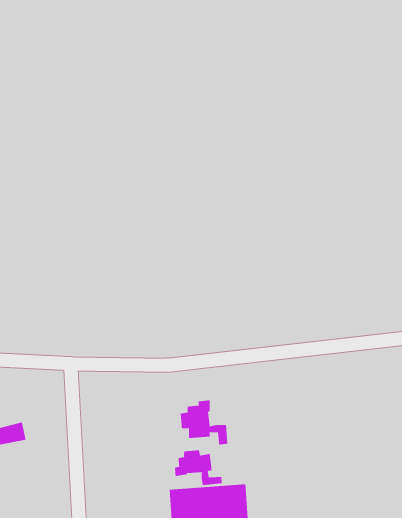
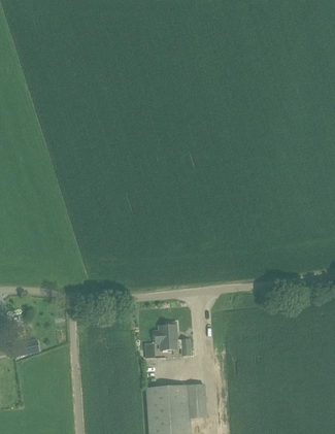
building: [174,449,222,486] -> none

